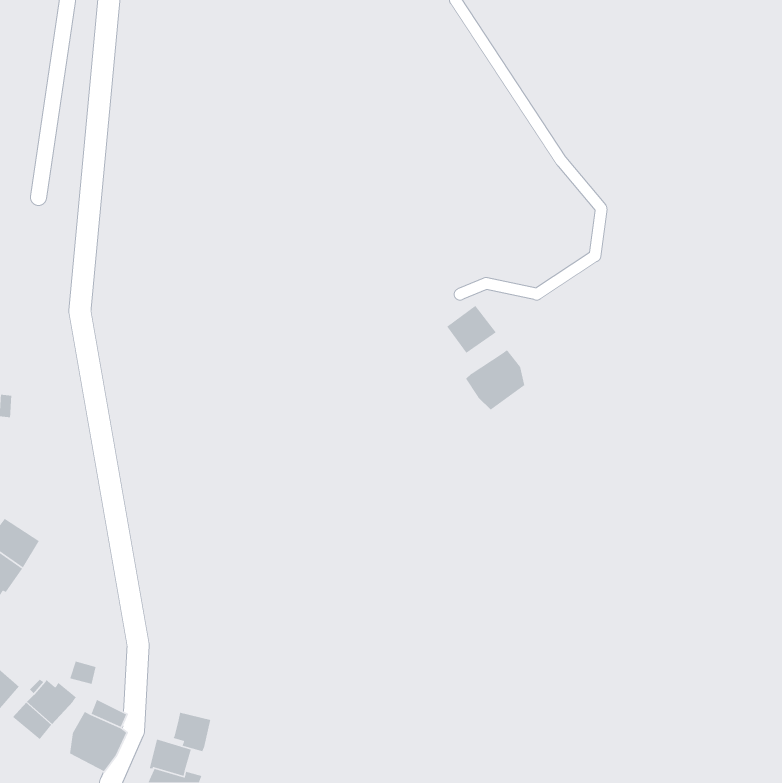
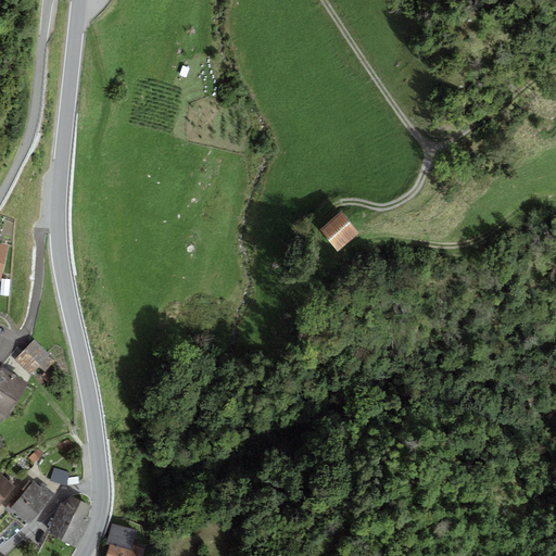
building: [465,349,525,411] -> none
building: none -> [14,340,53,376]
building: [172,712,211,752] -> none

